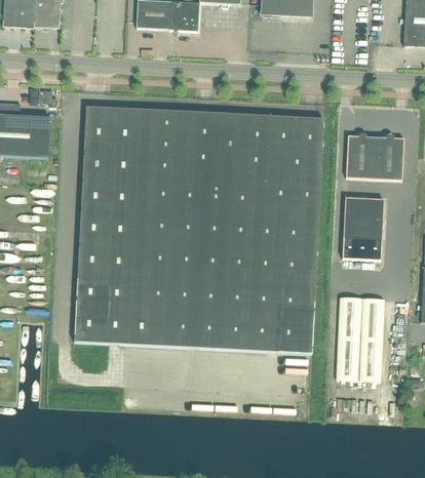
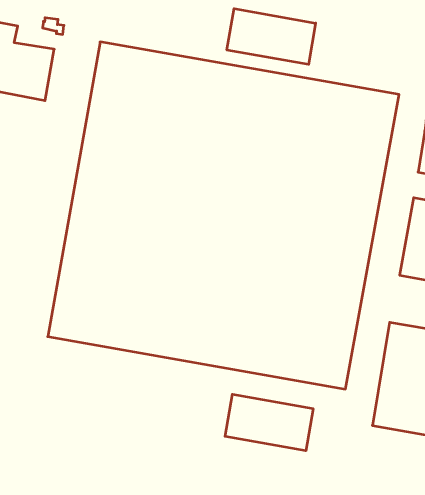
building: none -> [227,9,316,64]
building: none -> [225,394,313,451]

